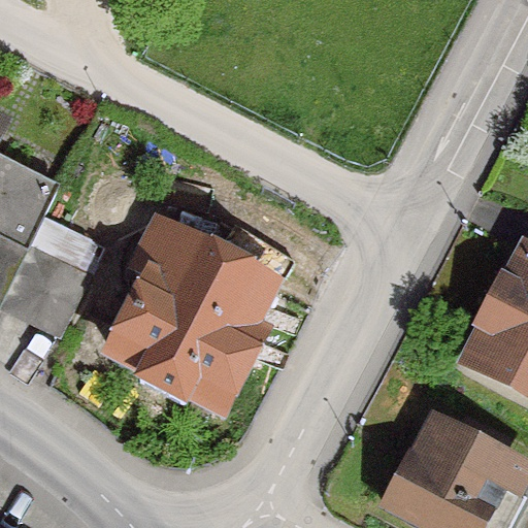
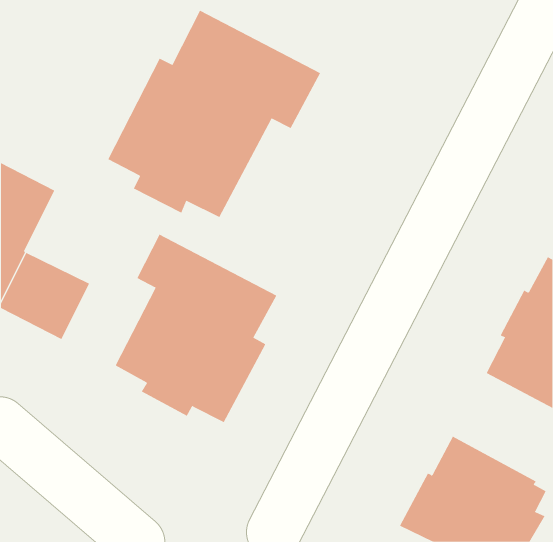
building: none -> [108,10,321,218]

